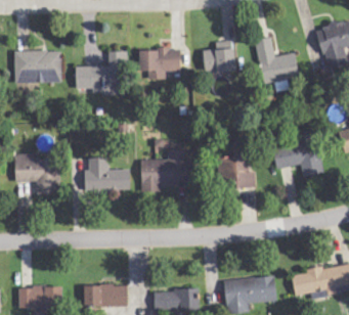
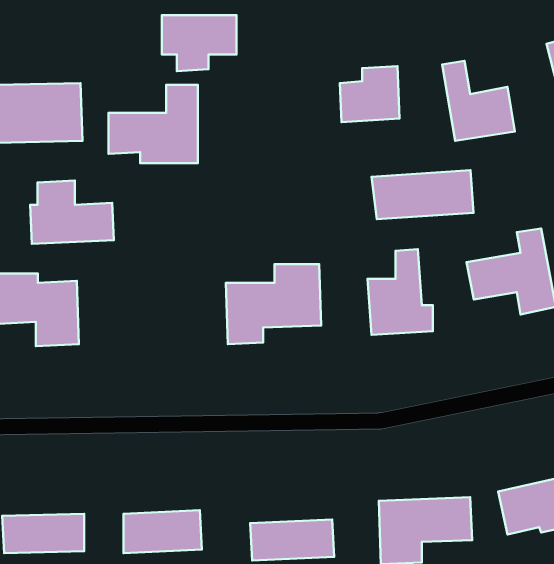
building: [139,49,180,80] -> [162,15,236,71]
building: none -> [372,170,473,219]
building: [84,156,130,191] -> [30,181,114,244]

